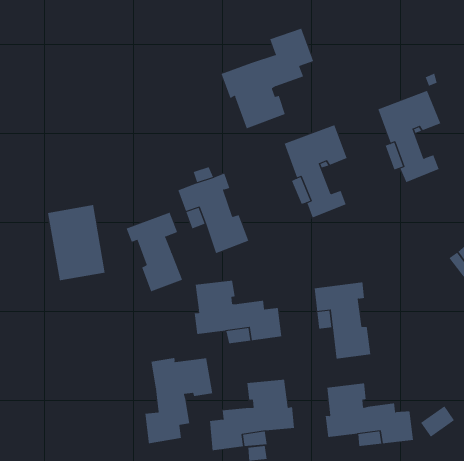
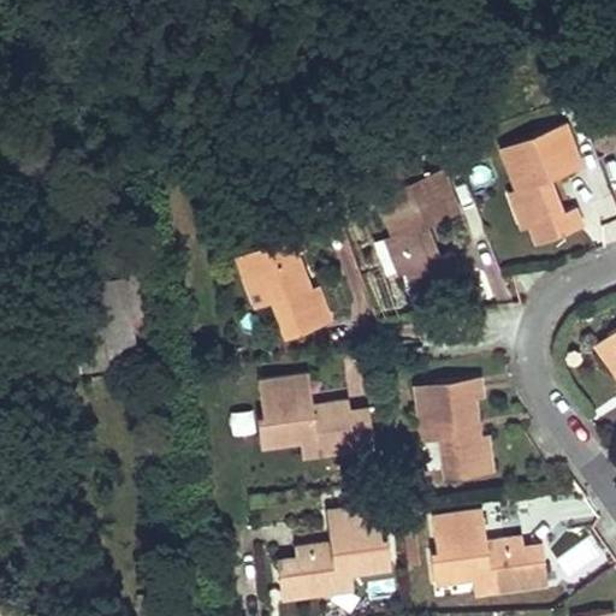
building: [221,28,314,129] -> none
building: [126,212,183,292] -> none
building: [145,357,213,444] -> none

